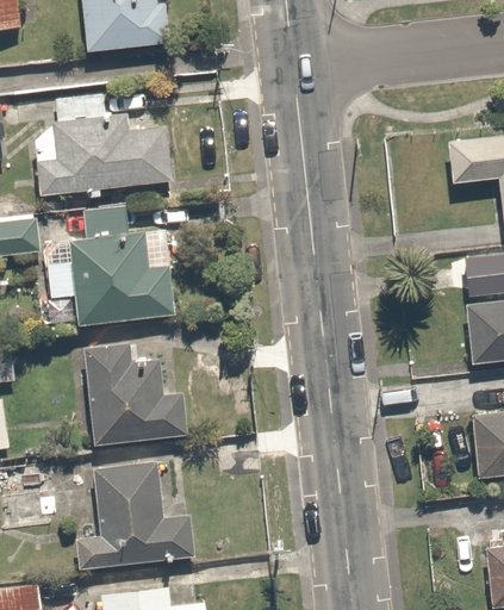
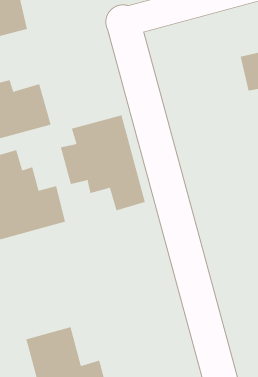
building: none -> [60,115,146,211]
building: [85,342,192,447] -> none

